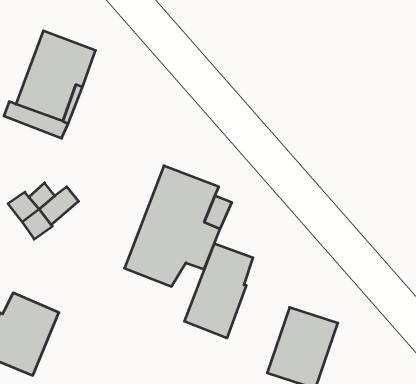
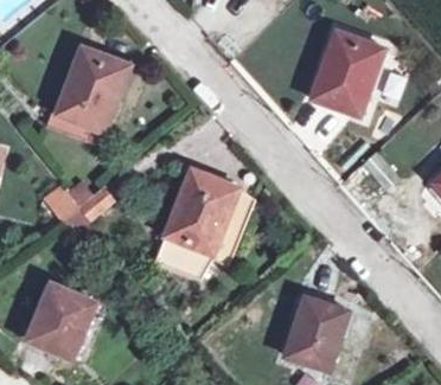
building: none -> [311,30,385,113]
building: [184,243,253,338] -> none

